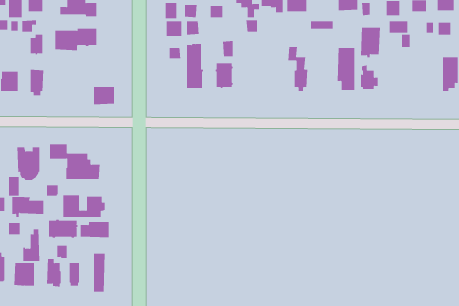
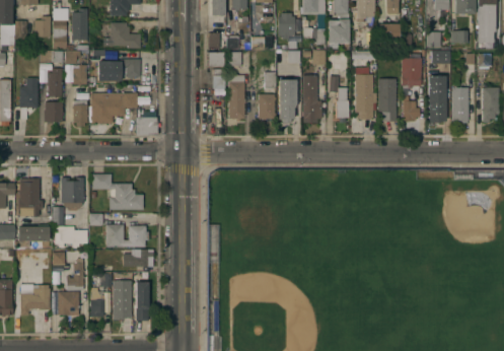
building: none -> [49,68,63,96]
building: none -> [356,74,376,119]
building: none -> [302,76,321,124]
building: none -> [279,79,297,122]
building: none -> [428,87,445,122]
building: none -> [452,87,469,123]
building: none -> [91,92,137,123]
building: [48,219,78,239] -> none

